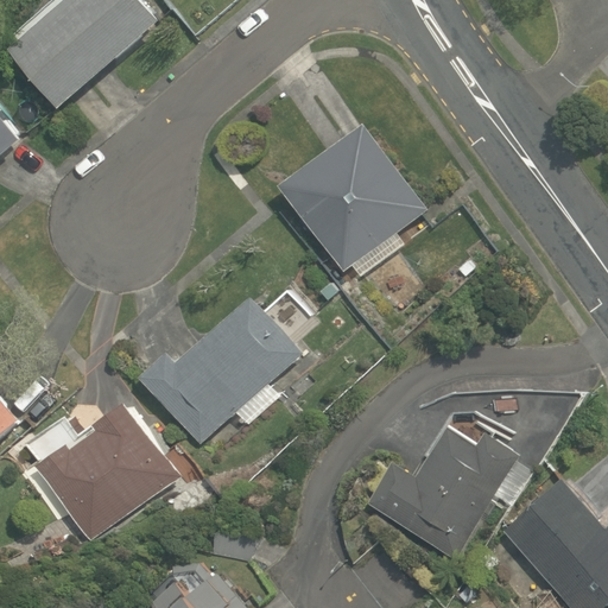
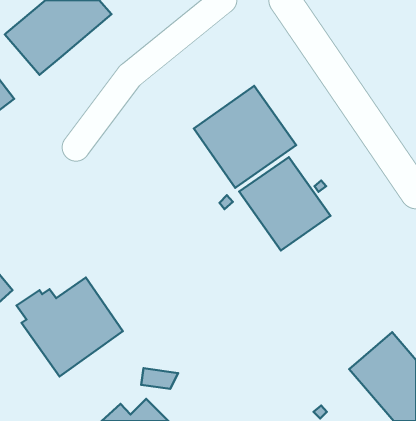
building: none -> [239,157,331,251]
building: [137,296,300,443] -> none
building: [365,426,519,559] -> none

